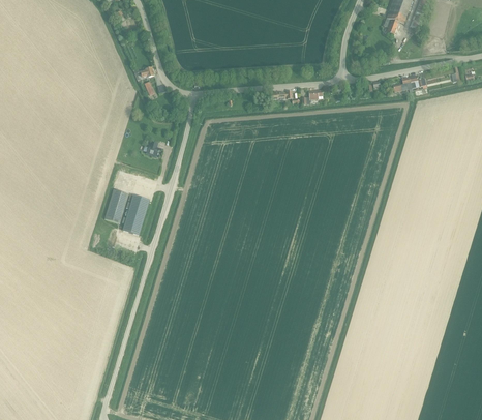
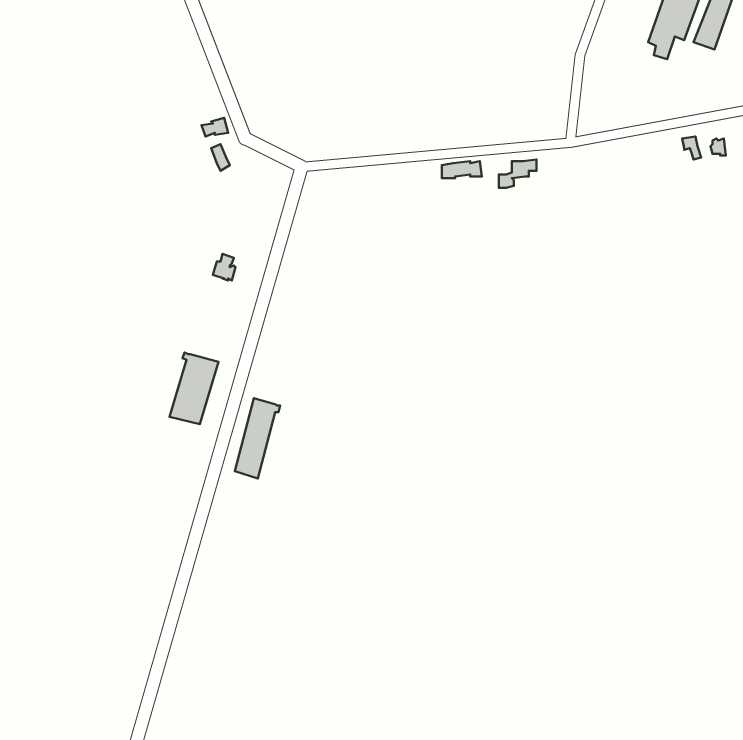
building: [104,188,128,222] -> none
building: none -> [235,398,280,479]

